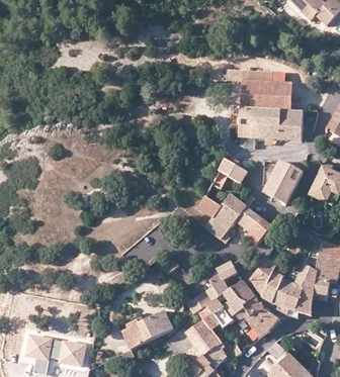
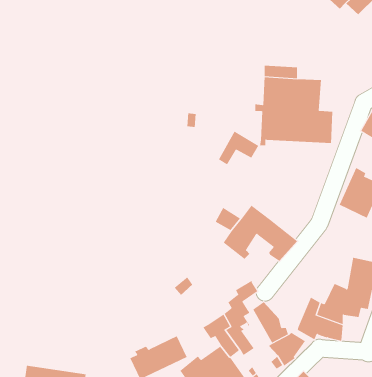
building: [210,158,247,188] -> [218,131,259,165]
building: [263,159,302,203] -> none
building: [249,257,282,301] -> none
building: [222,286,248,323] -> none

